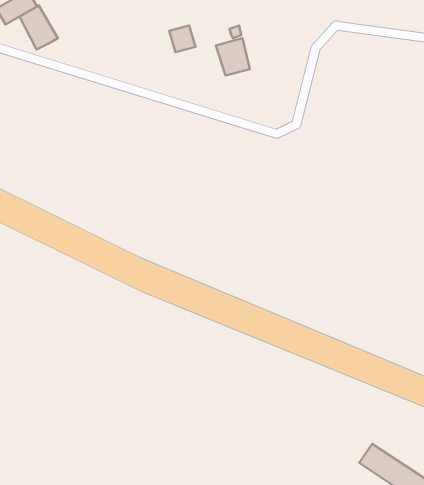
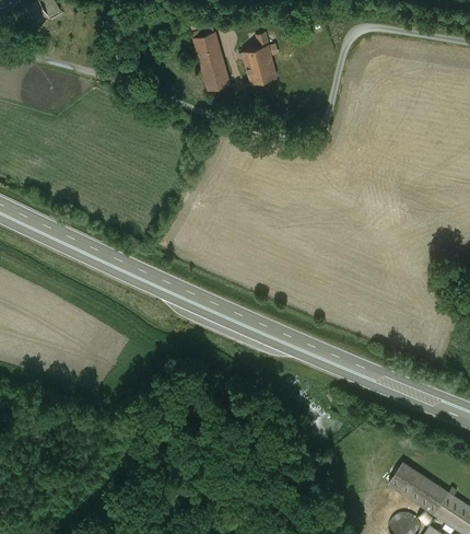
building: [19,5,58,50] -> none
building: none -> [200,54,230,90]

